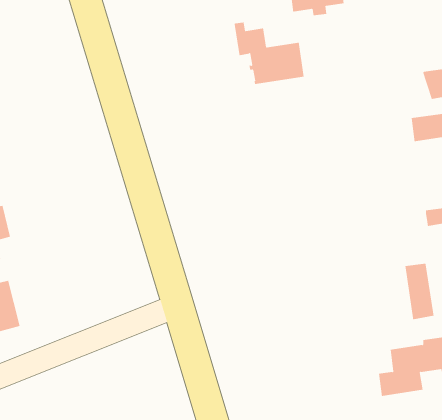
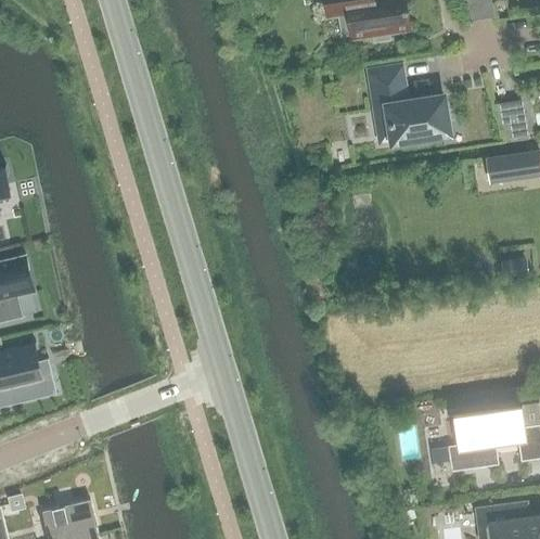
building: [233,19,304,85] -> [369,69,449,143]
building: [405,263,434,320] -> none

